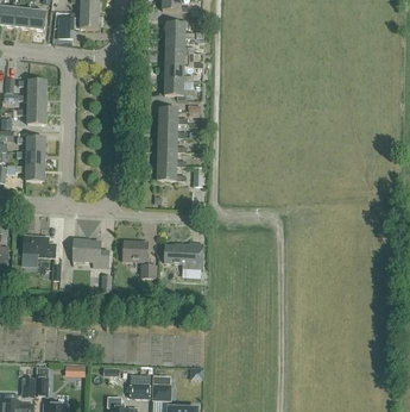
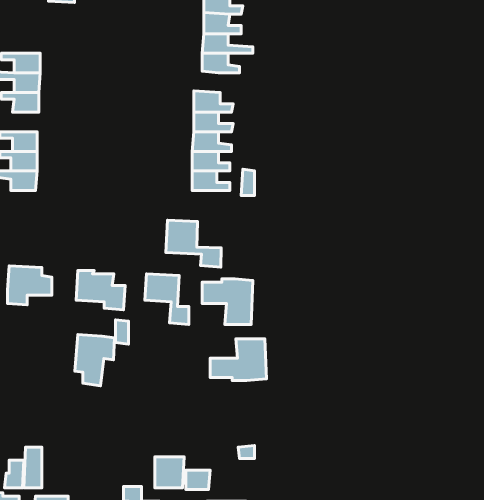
building: none -> [166,220,221,267]
building: none -> [75,335,115,386]
building: none -> [210,339,267,380]

